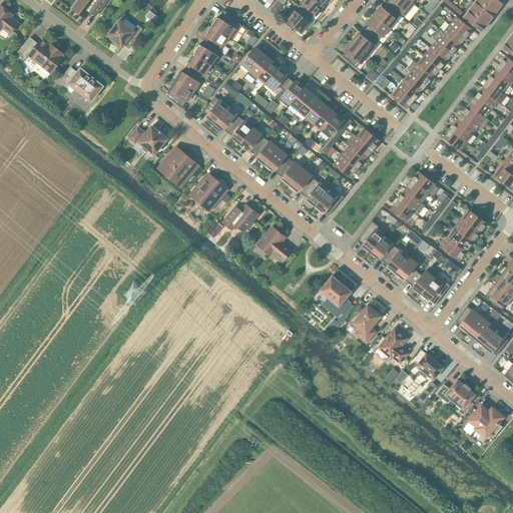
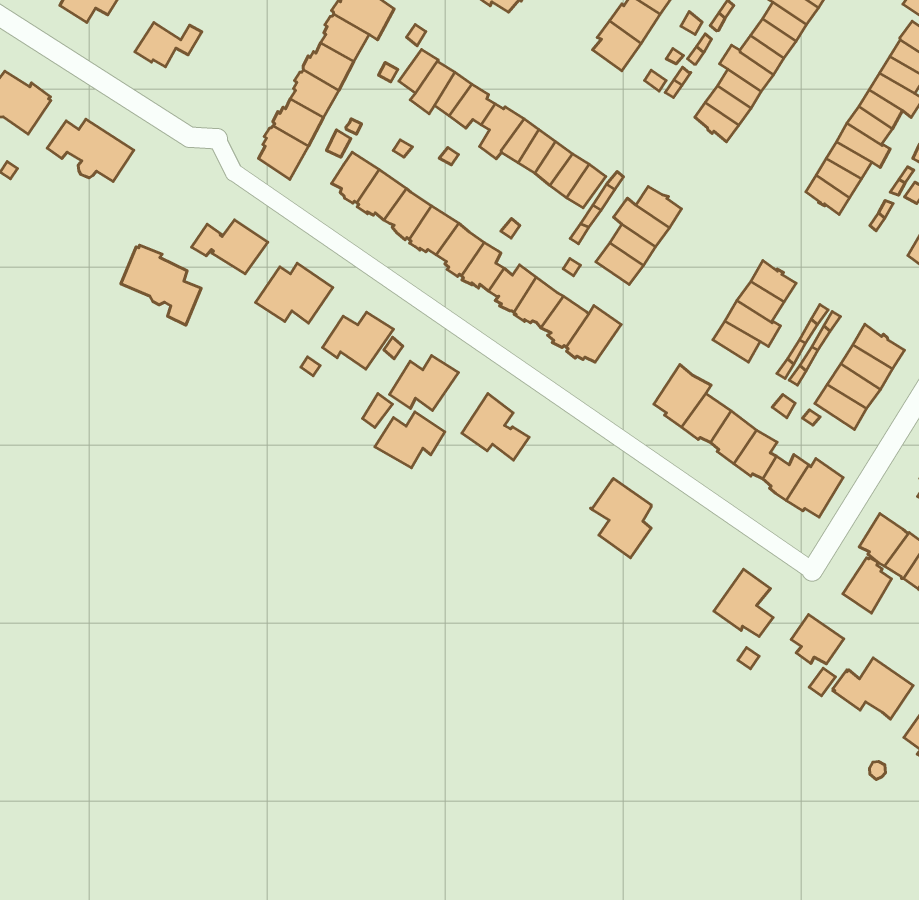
building: none -> [121,245,201,325]
building: none -> [375,412,445,468]
building: [354,304,382,342] -> none
building: none -> [843,558,891,613]

